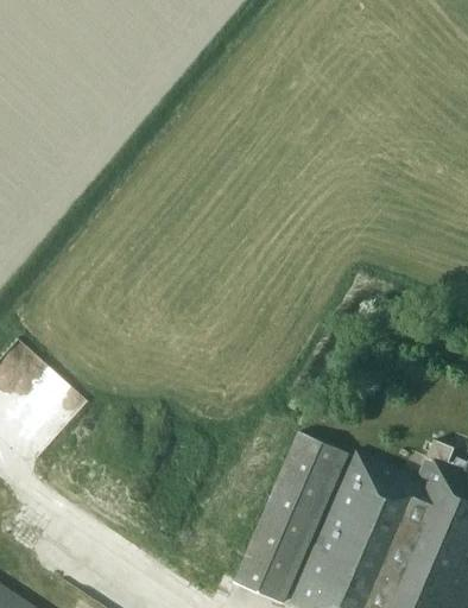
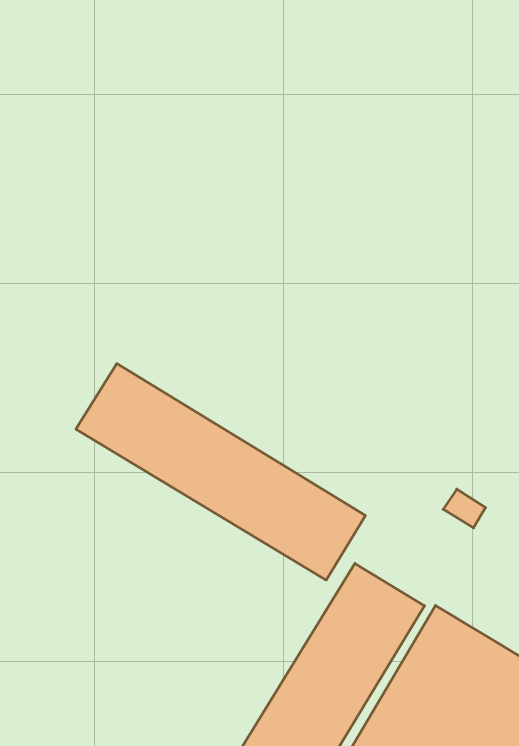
building: none -> [76,364,365,580]

